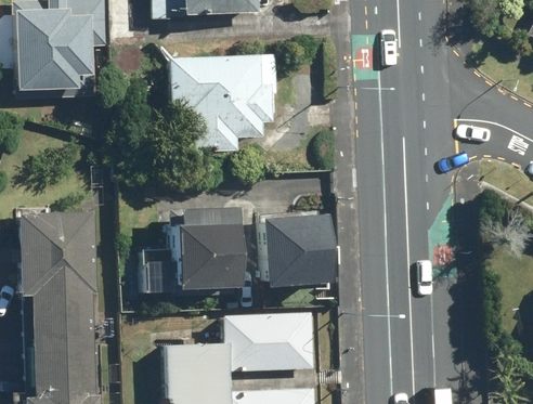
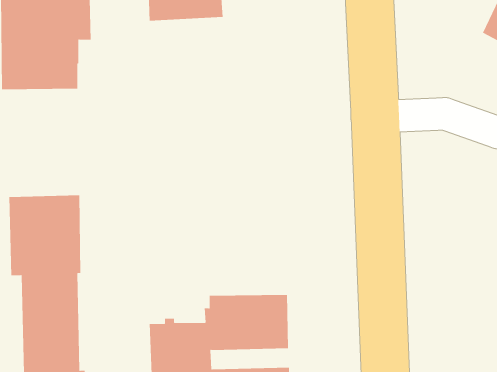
building: [170,54,275,149] -> none
building: [142,201,243,290] -> none
building: [271,213,329,275] -> none

